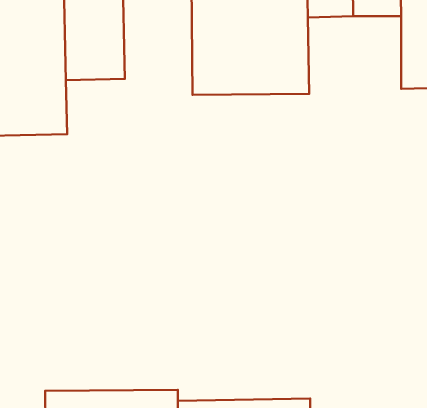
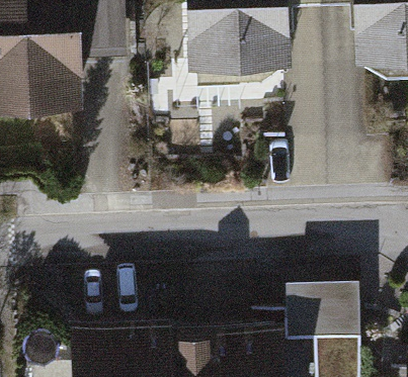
building: none -> [255,276,363,337]

